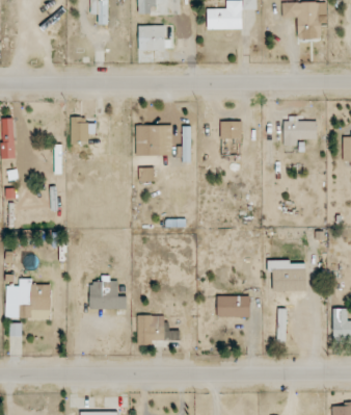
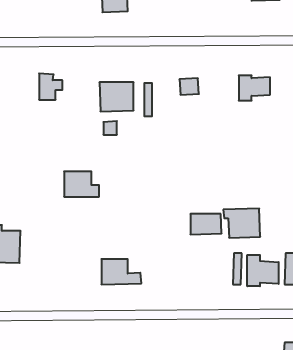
building: [89,282,127,309] -> [64,171,99,197]
building: [217,296,250,318] -> [190,214,222,234]
building: none -> [247,255,279,286]

